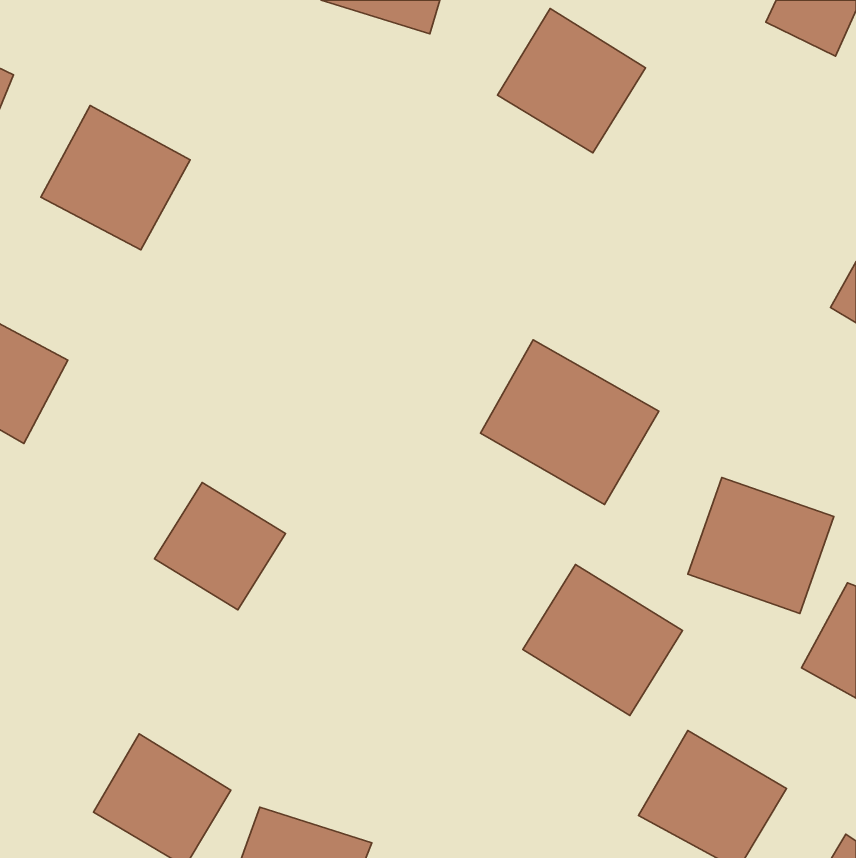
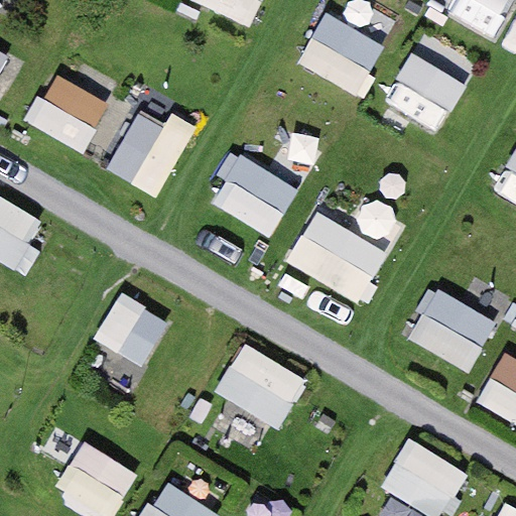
building: none -> [384,54,465,131]
building: none -> [109,107,188,196]
building: none -> [209,151,299,237]
building: [523,564,683,716] -> [213,343,307,432]

